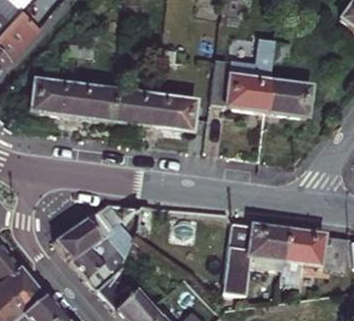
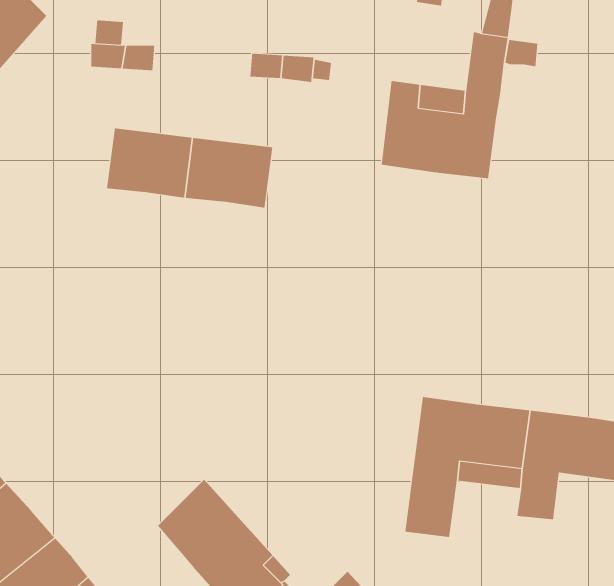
building: [31,79,75,115] -> none
building: [267,79,312,116] -> none
building: [152,94,197,130] -> none
building: [55,201,134,288] -> none

